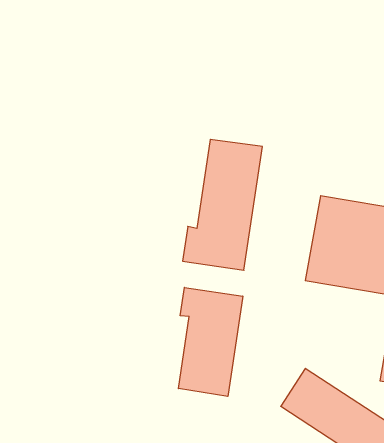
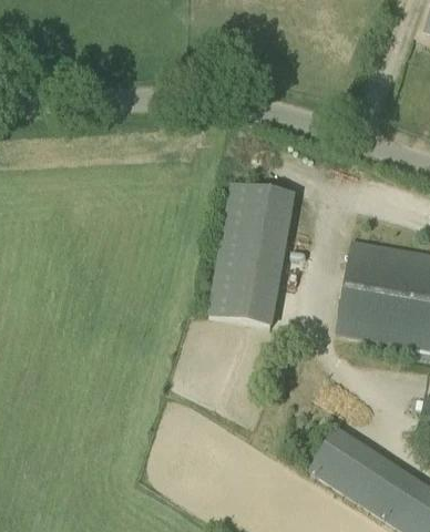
building: [178,287,243,396] -> none

